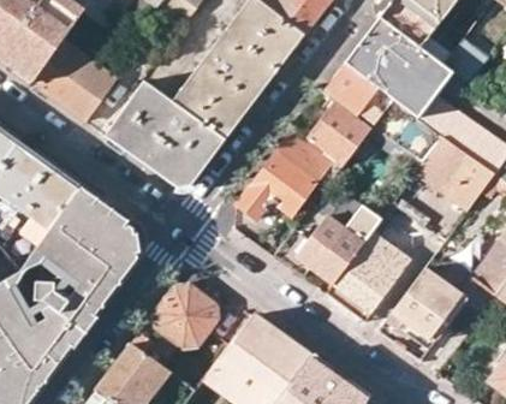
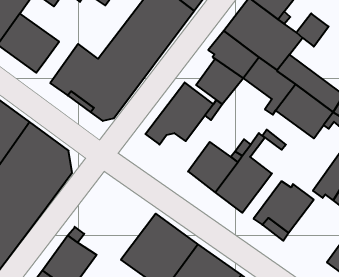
building: [154,284,218,347] -> none

